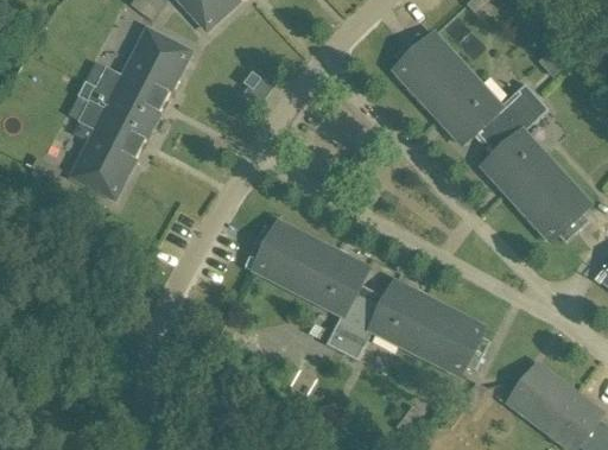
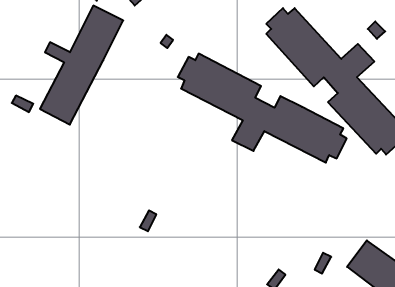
building: [248,220,489,375] -> [178,54,347,163]

